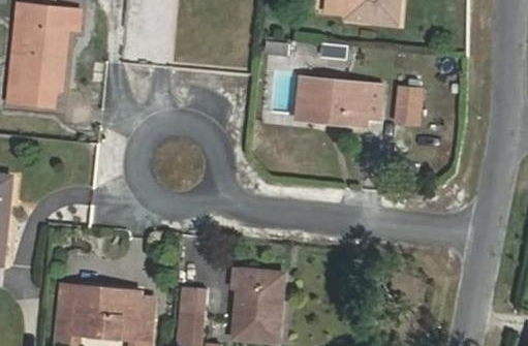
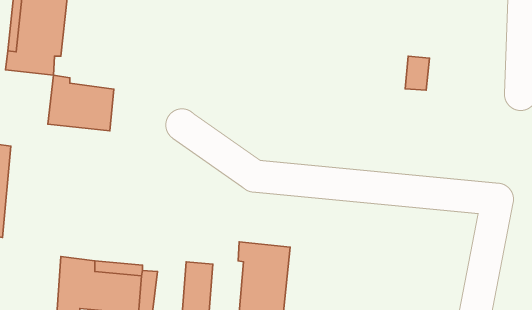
building: [299,77,379,122] -> none
building: none -> [48,75,114,131]

